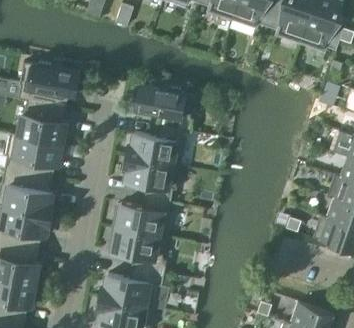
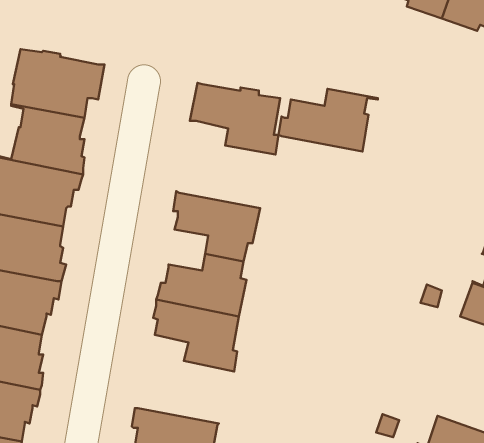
building: [126,125,191,166] -> [279,89,378,152]
building: [99,266,164,307] -> none

